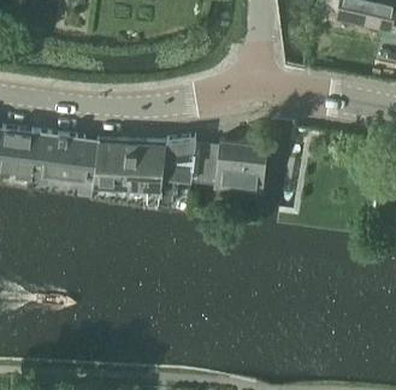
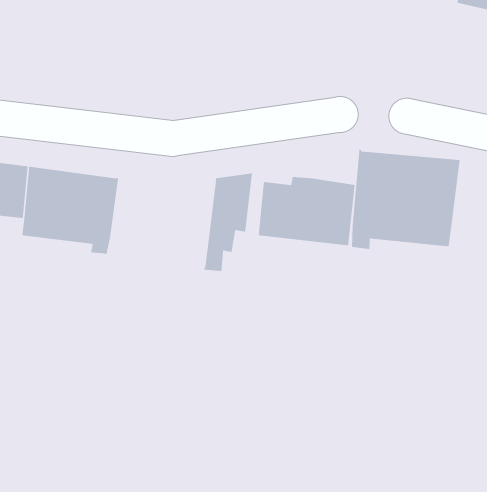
building: none -> [351,148,461,250]
building: [93,141,166,203] -> none

